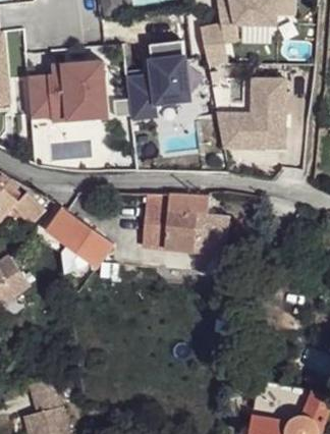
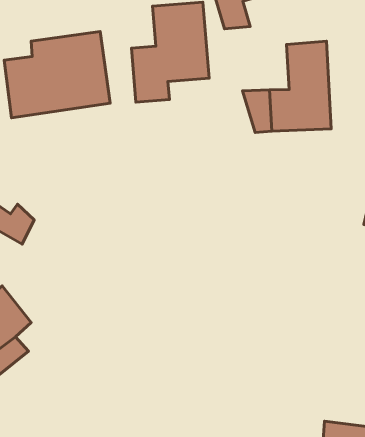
building: [144,198,208,248] -> none
building: [48,208,112,273] -> none

